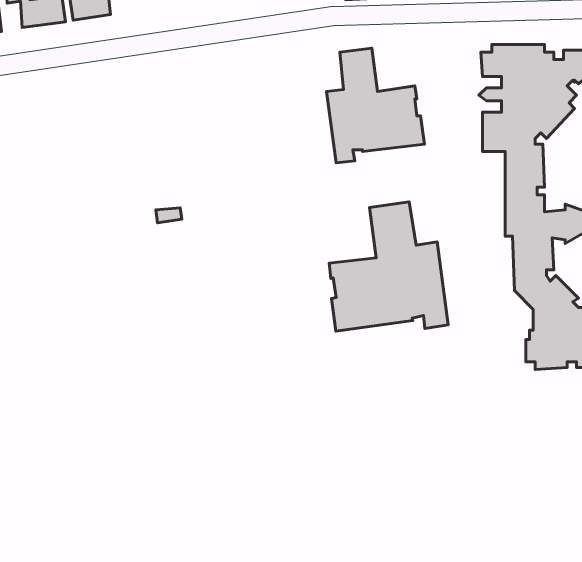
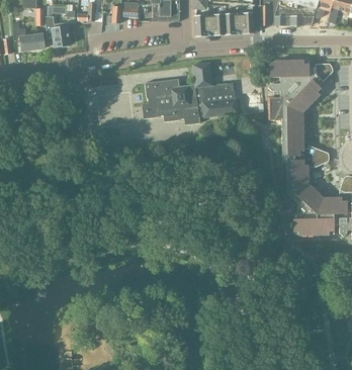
building: none -> [143,78,191,124]
building: [329,202,448,331] -> none

